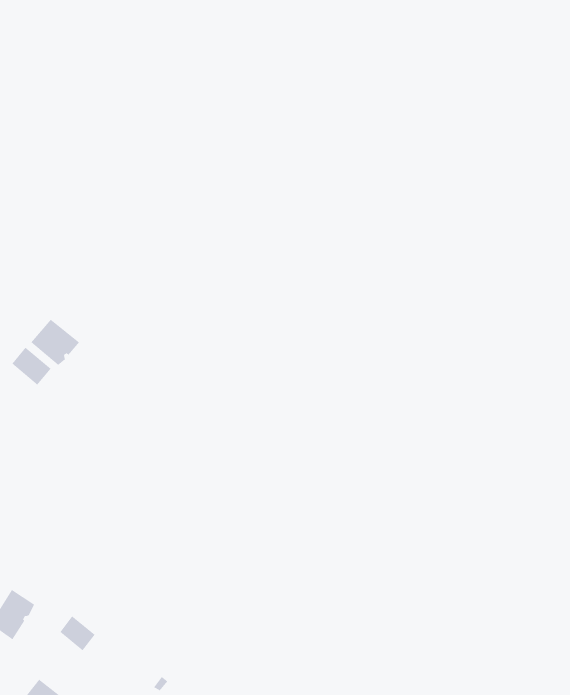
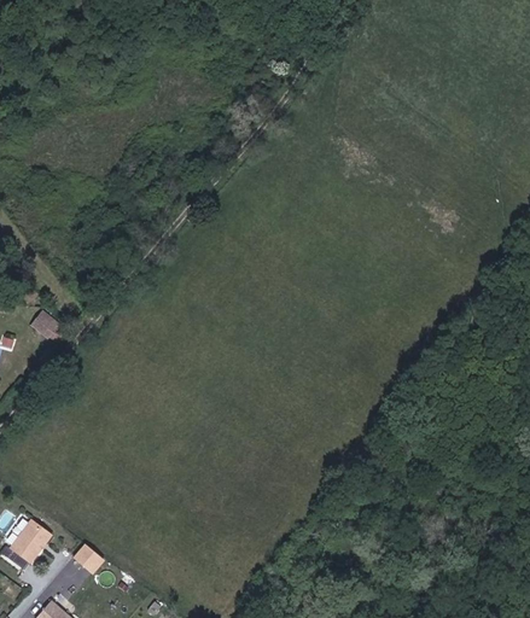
building: [31,319,80,366] -> none

